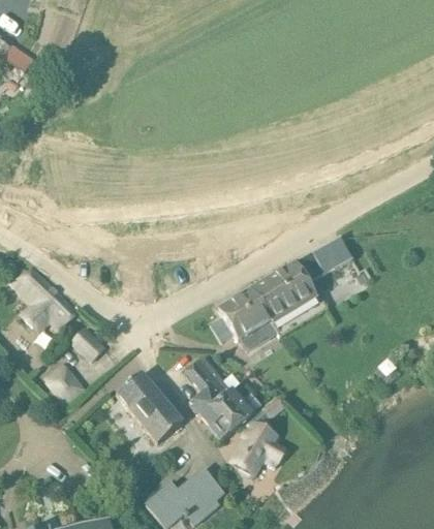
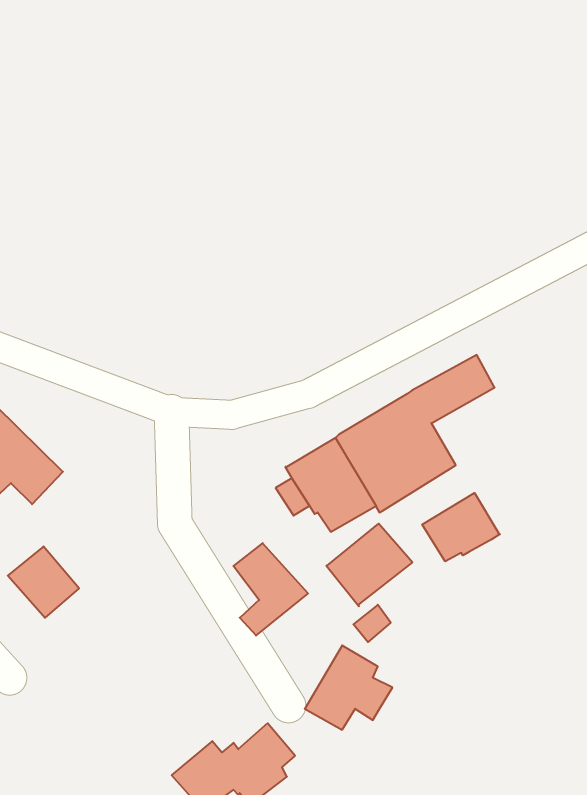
building: none -> [422,493,500,561]
building: [69,325,105,363] -> none
building: [117,372,181,441] -> none
building: [198,388,253,441] -> [326,524,412,606]

